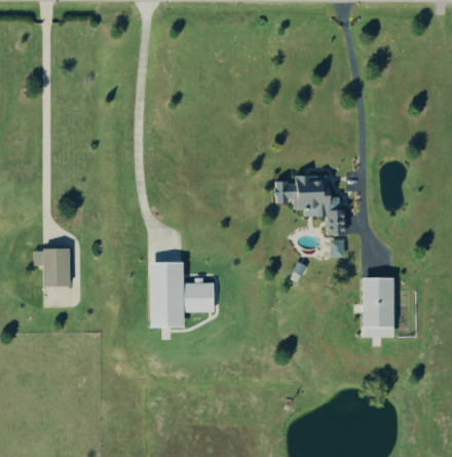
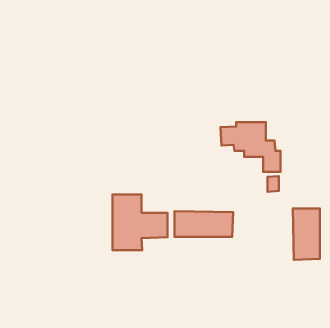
building: [35,249,71,285] -> none
building: none -> [174,211,233,237]

